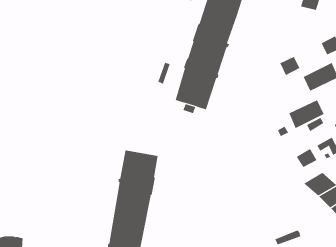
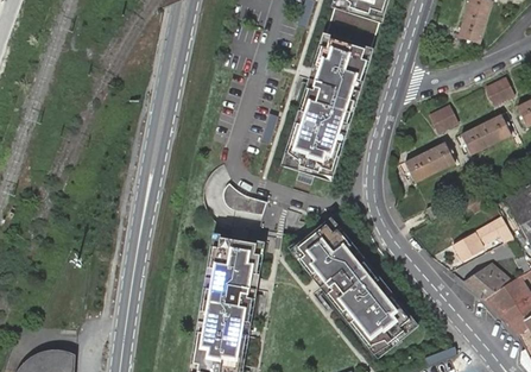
building: [288,100,324,129] -> [405,143,455,183]
building: none -> [222,184,266,215]
building: none -> [293,220,416,358]

